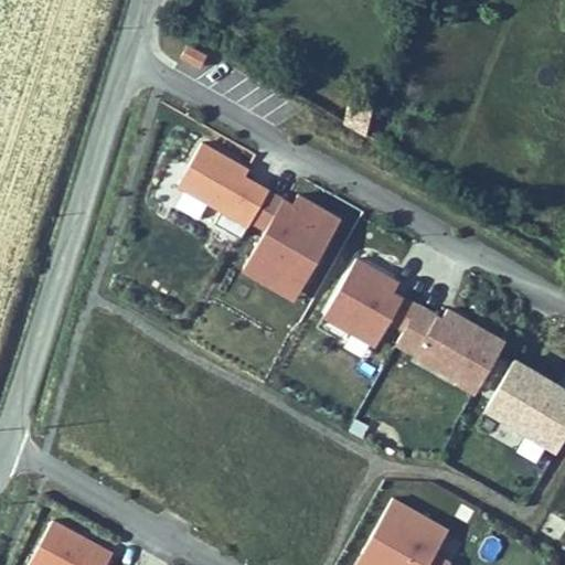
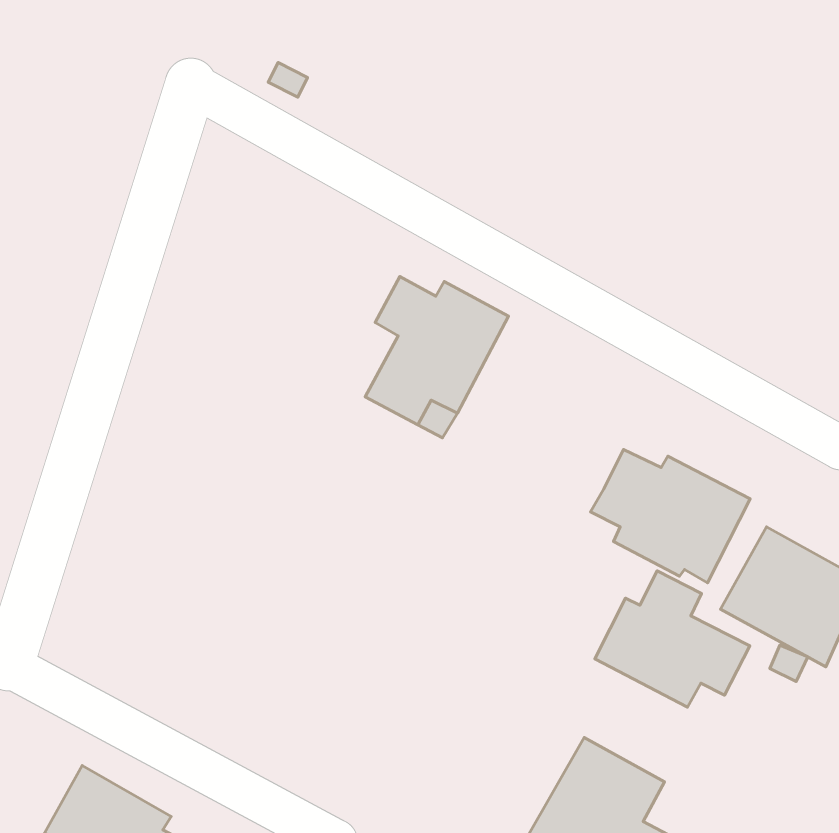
building: [178,143,269,226] -> none
building: [323,259,419,350] -> none
building: none -> [595,571,750,707]

